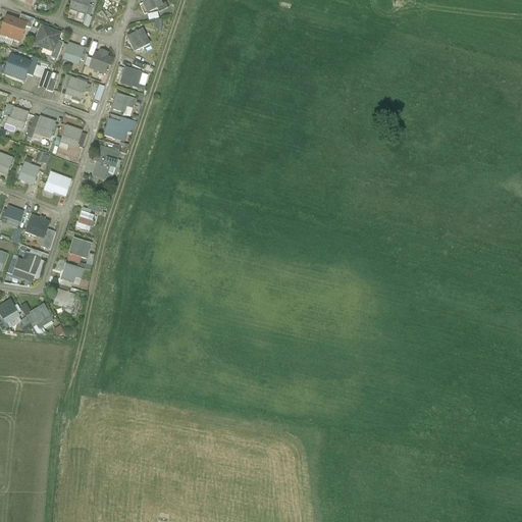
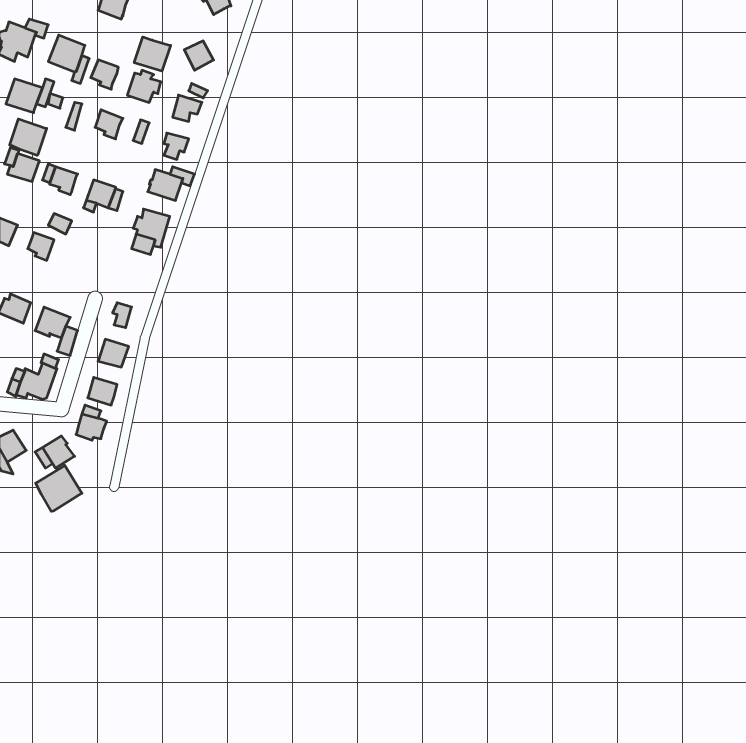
building: none -> [134,37,171,71]
building: none -> [10,119,47,155]
building: [44,171,72,194] -> none
building: none -> [36,465,82,511]

